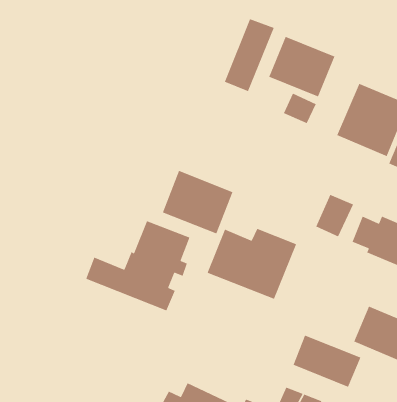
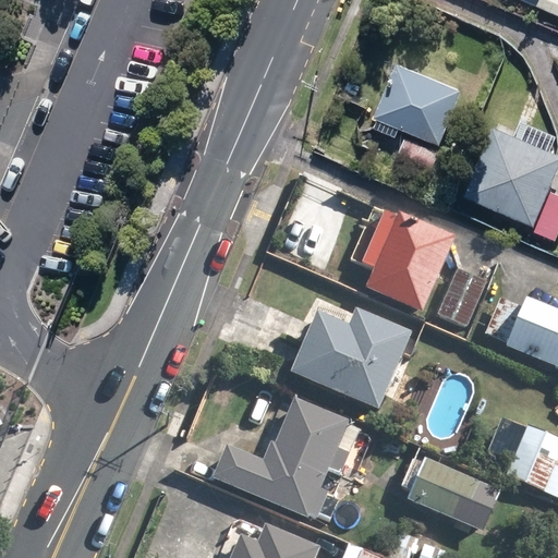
building: [224,18,275,92] -> none
building: none -> [366,214,457,316]
building: [162,170,233,235] -> none
building: [85,220,190,312] -> [209,396,351,519]

